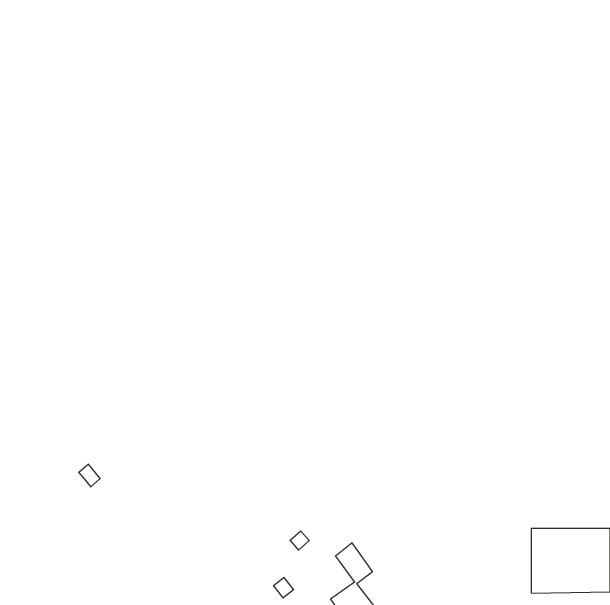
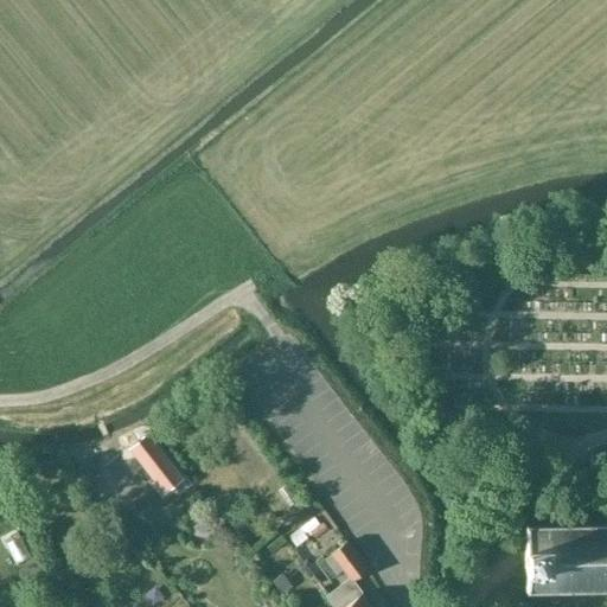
building: none -> [138,439,184,499]

